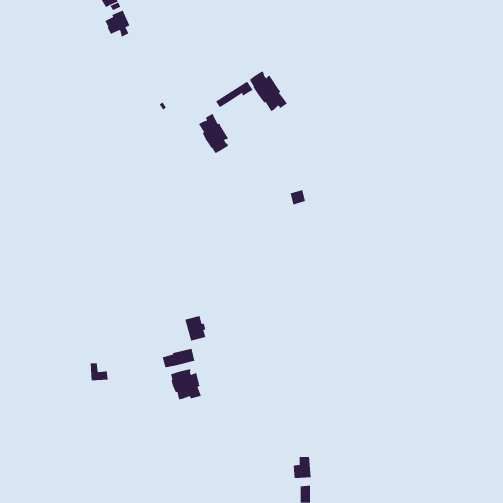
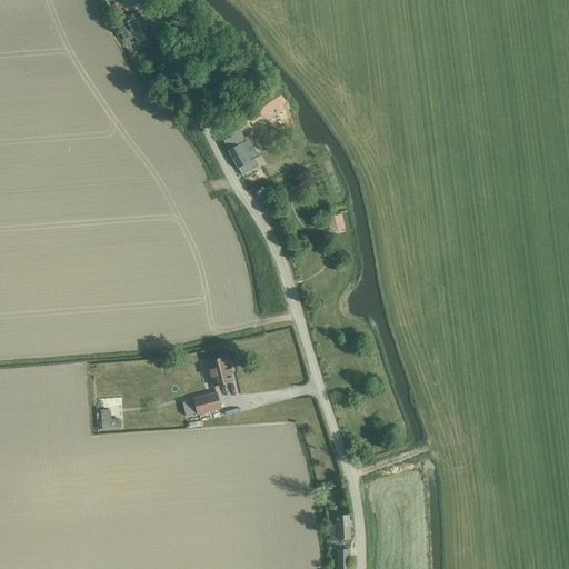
building: [249,71,287,112] -> none
building: [171,369,202,400] -> none

